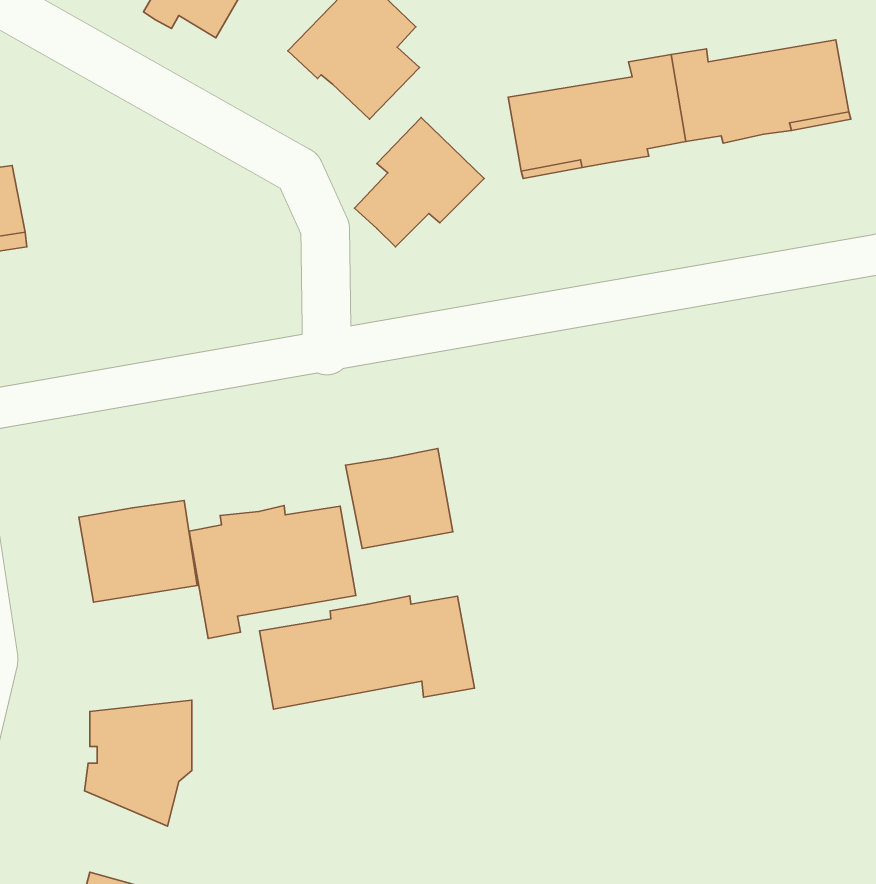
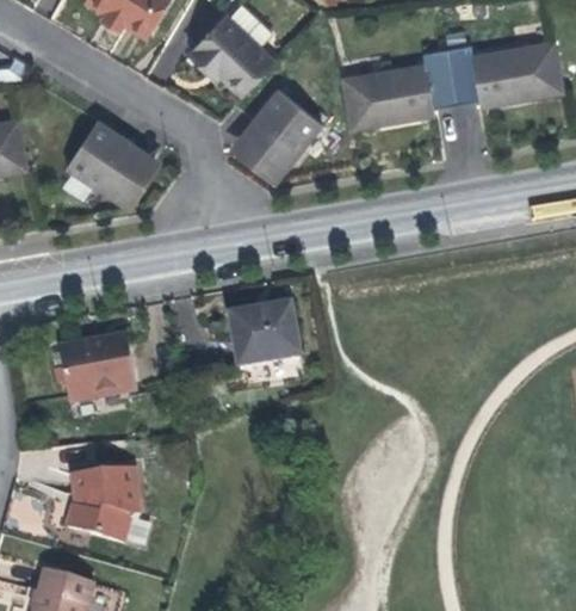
building: none -> [66,121,151,197]
building: [189,506,356,638] -> none
building: [260,596,474,709] -> none

